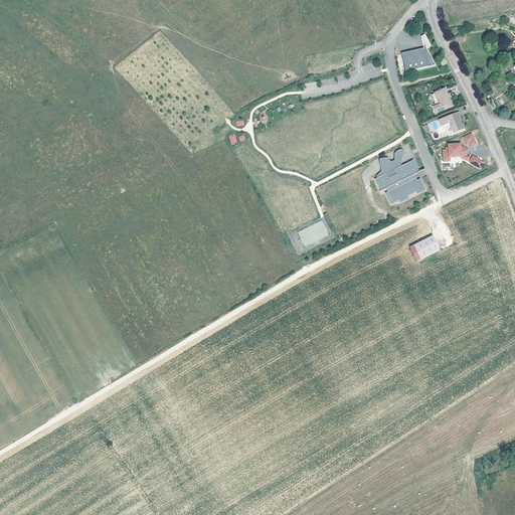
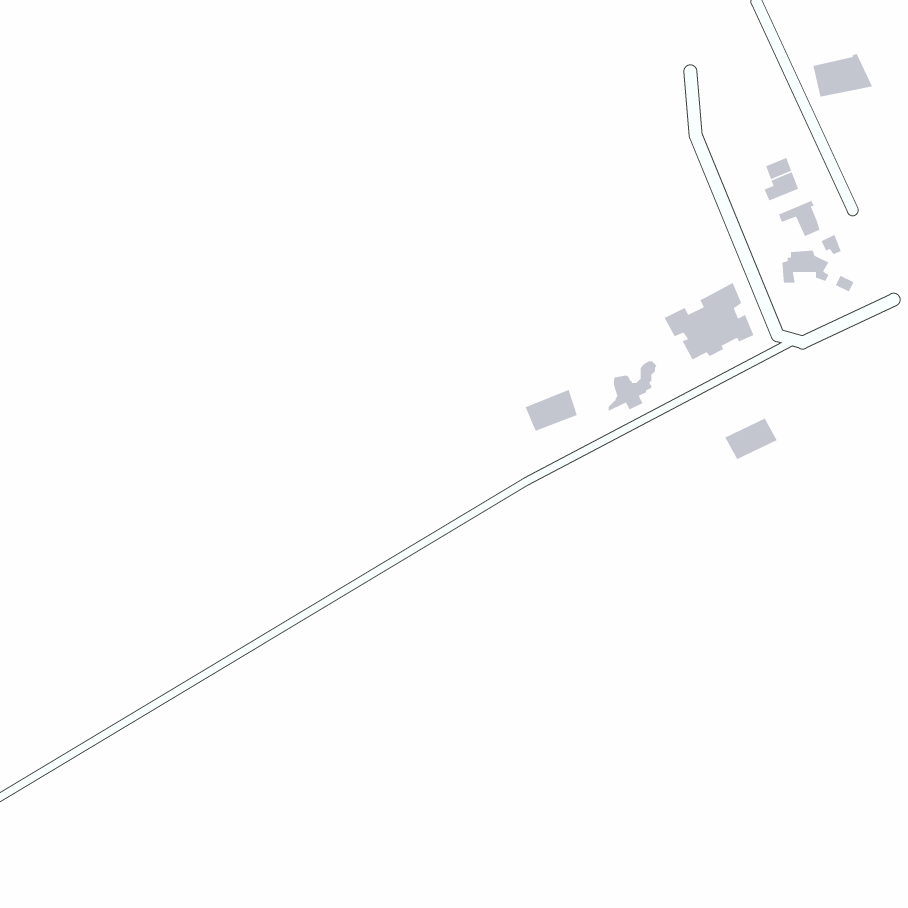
building: [400,45,435,70] -> [813,53,873,98]
building: [376,149,404,178] -> [608,361,658,412]

